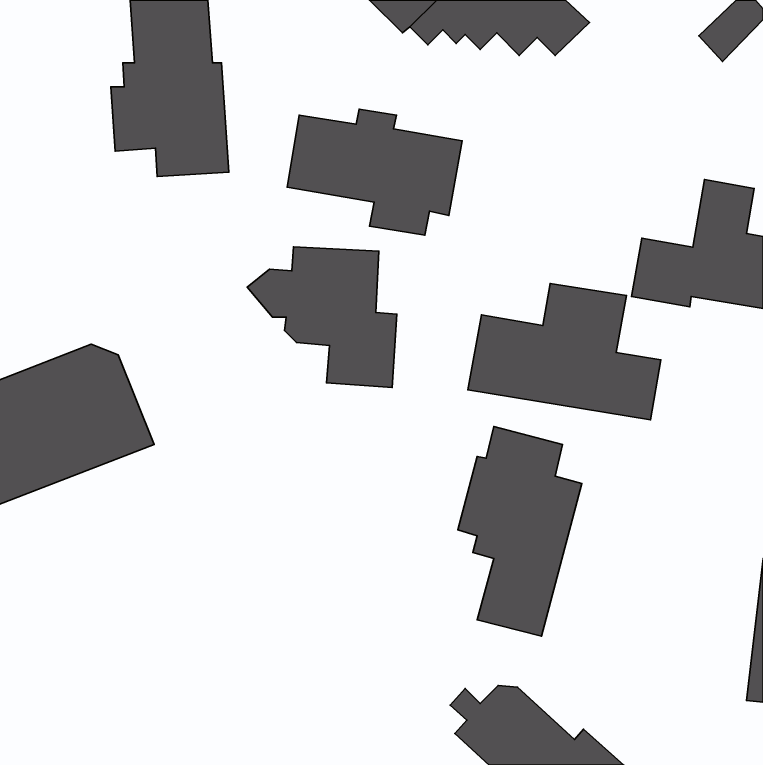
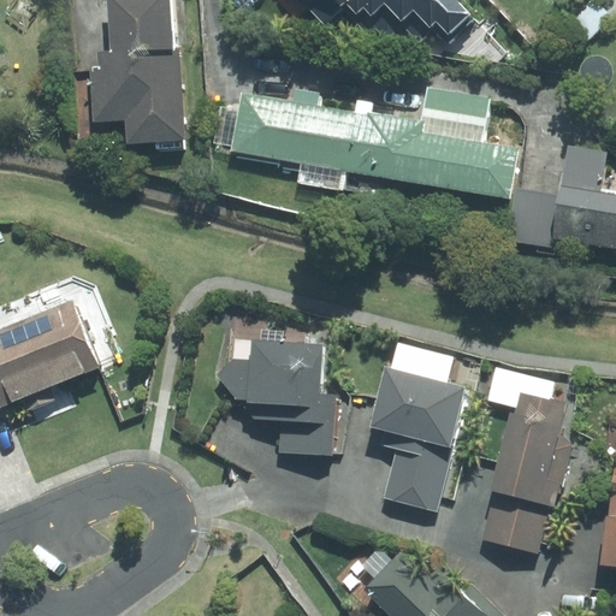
building: [247,247,397,387] -> [214,342,334,455]
building: [468,283,661,420] -> [361,88,516,197]
building: none -> [481,367,571,553]

